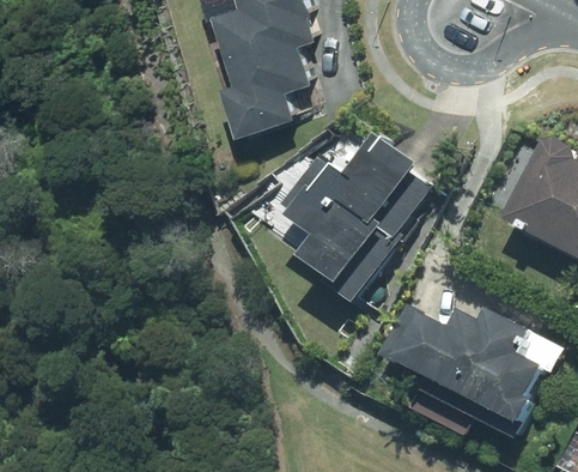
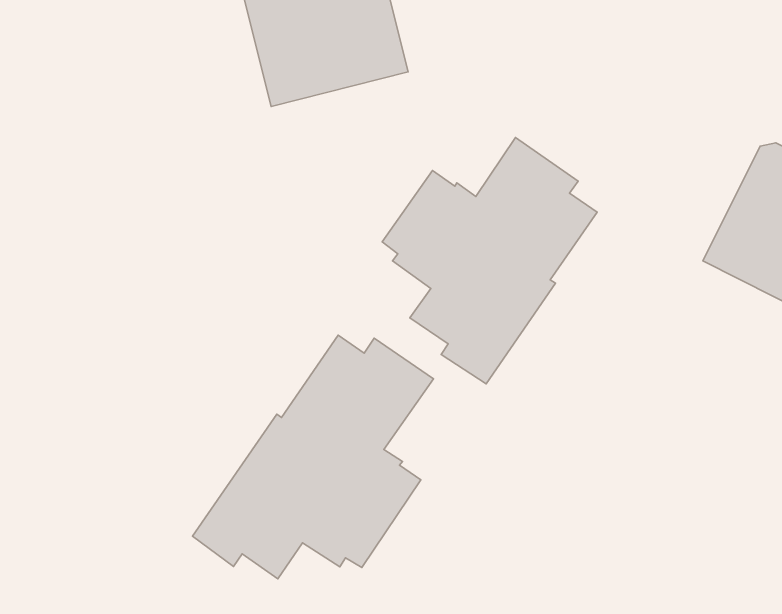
building: none -> [193,335,433,579]
building: [385,304,550,441] -> none

